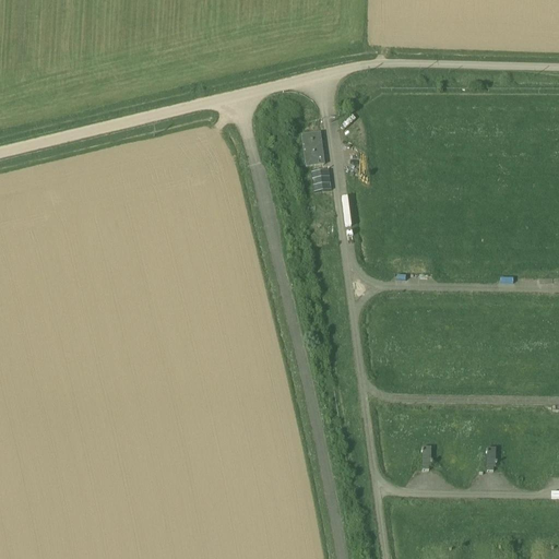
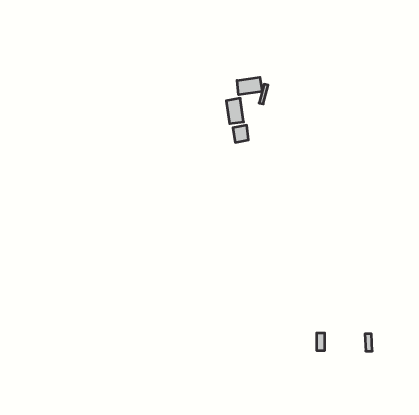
building: none -> [237,77,262,95]

